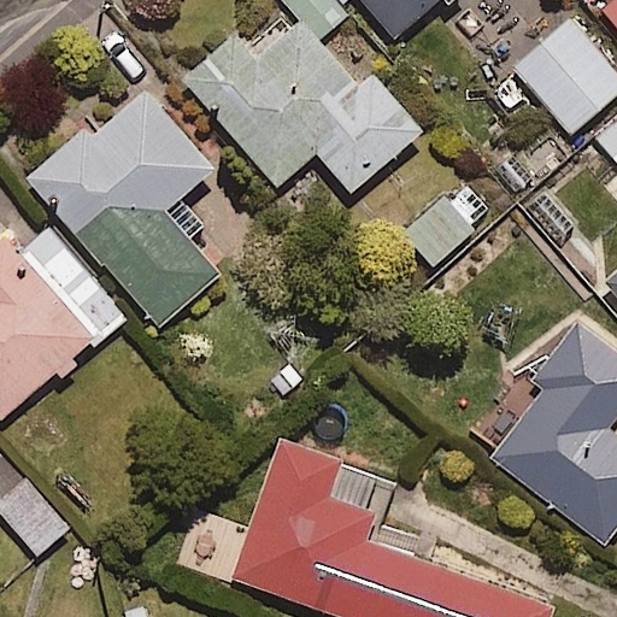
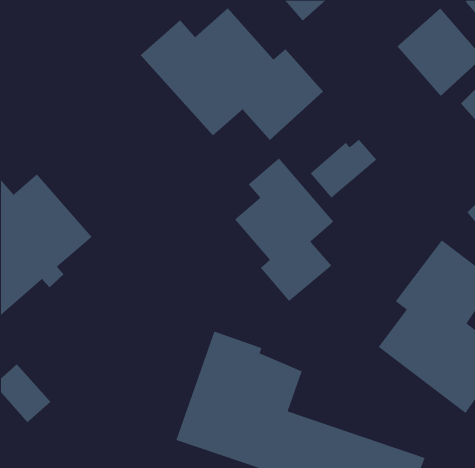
building: [34,87,219,328] -> none
building: none -> [234,157,334,302]

